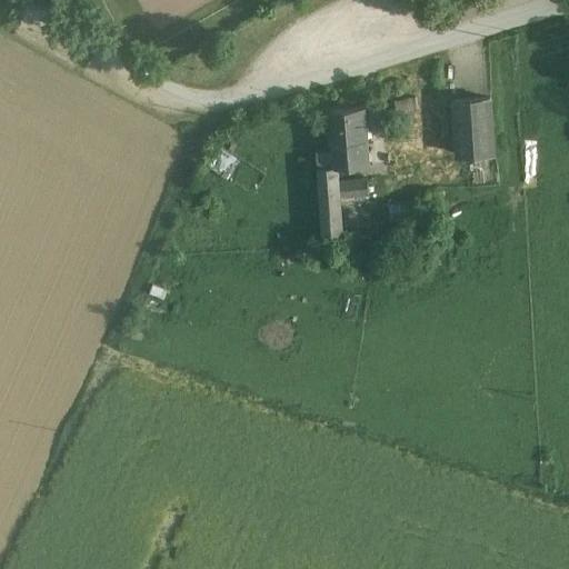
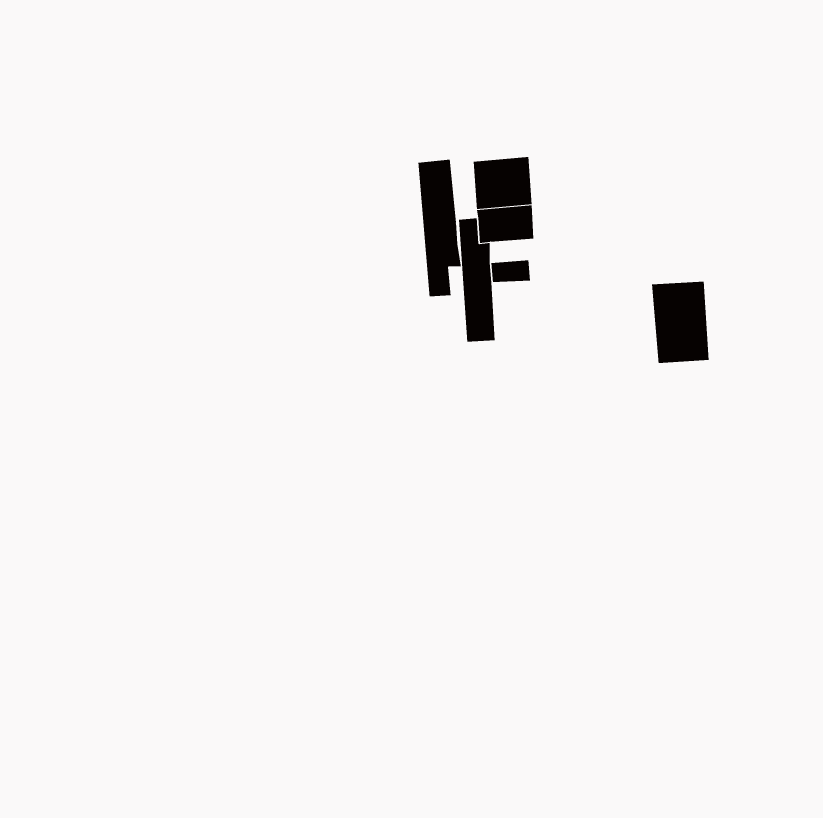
building: [455,101,495,158] -> [651,281,709,363]
building: none -> [418,159,461,297]

